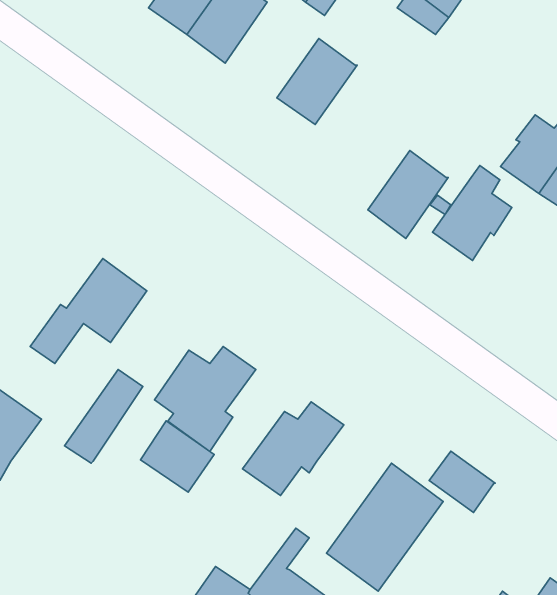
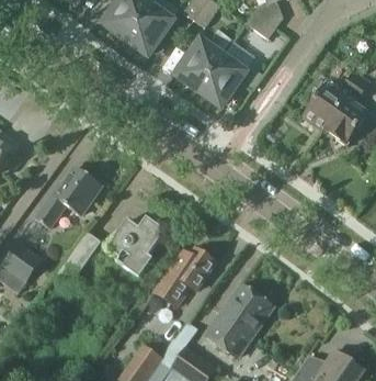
building: [368,151,448,239] -> [200,54,246,104]
building: [433,166,512,261] -> none
building: [141,421,214,492] -> none
building: [429,451,495,513] -> none

